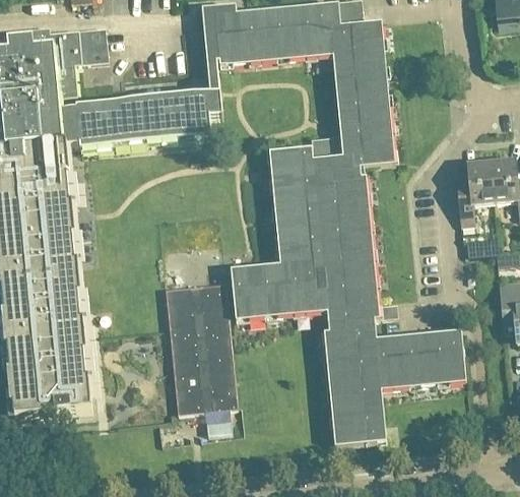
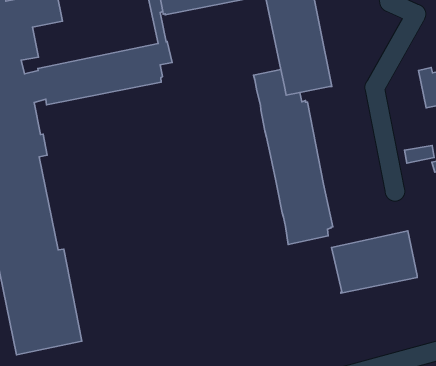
building: [232,145,328,317] -> none
building: [456,154,496,223] -> none
building: [165,285,234,420] -> none
building: [323,324,386,444] -> none

